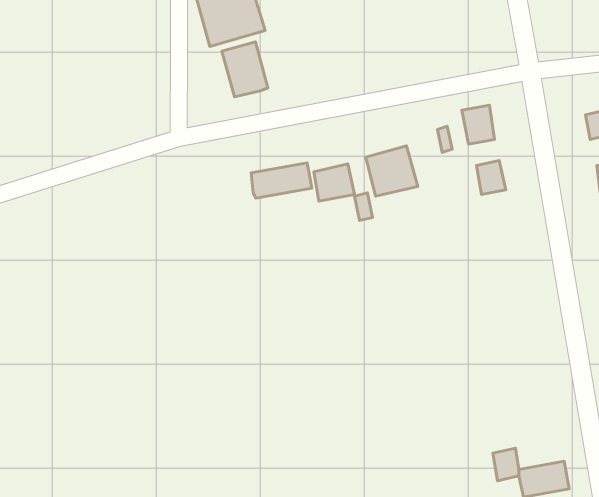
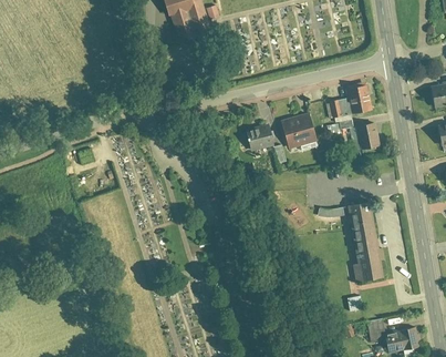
building: [222,42,268,97] -> none
building: [251,163,312,198] -> none
building: none -> [346,202,384,280]

